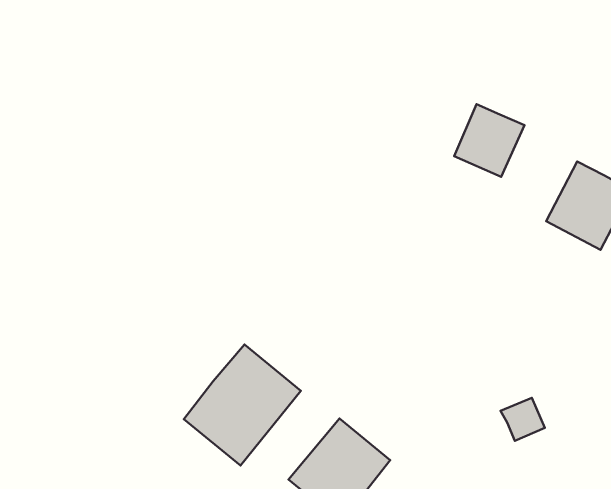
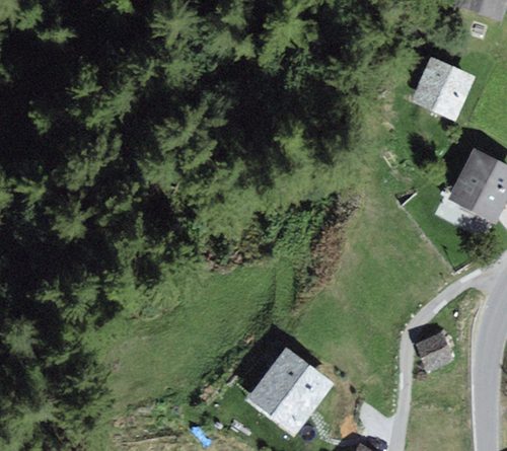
building: [454,104,524,177] -> [416,58,470,115]
building: [184,345,301,465] -> none

